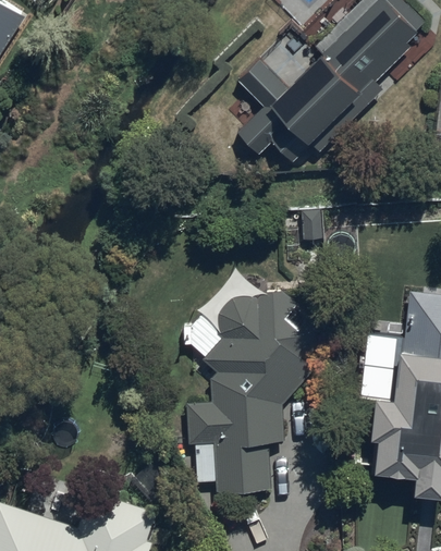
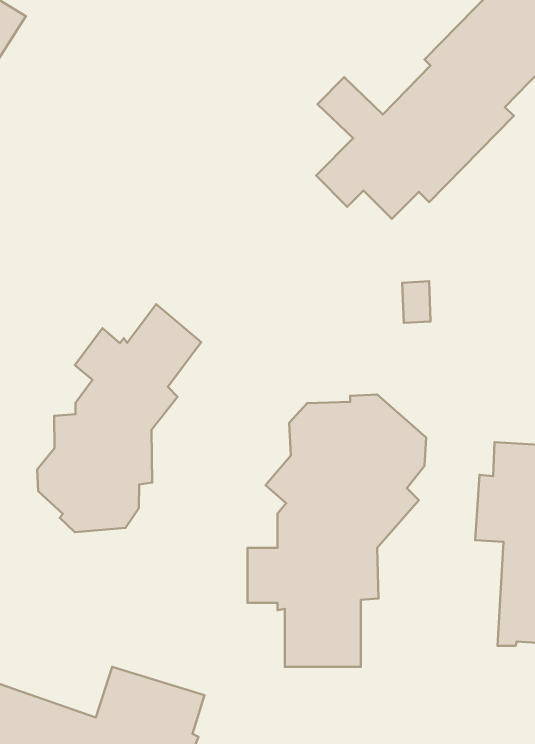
building: none -> [37,304,201,532]

